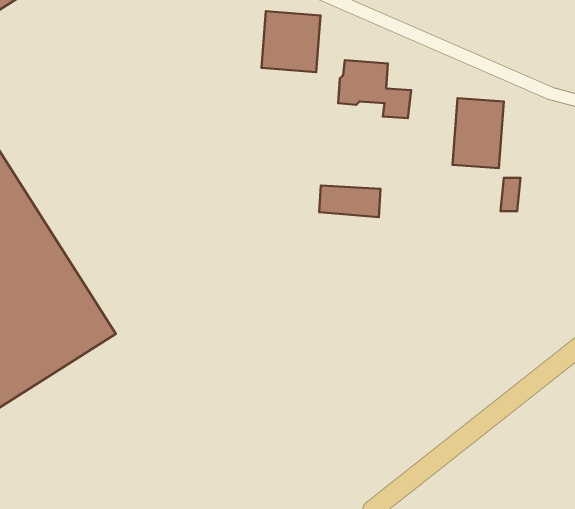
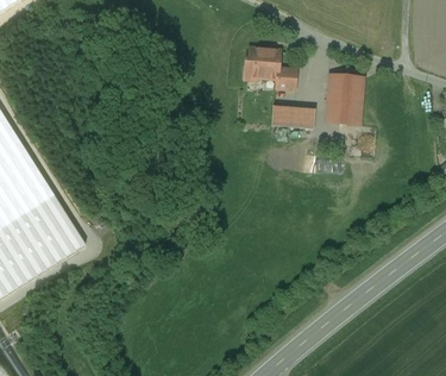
building: [262,11,321,72] -> none
building: [319,186,380,217] -> [271,105,315,127]

